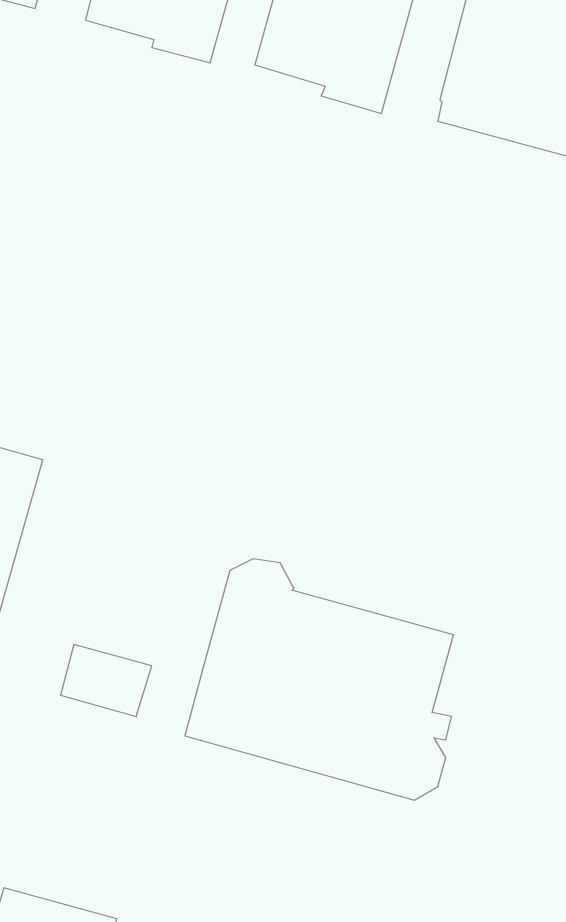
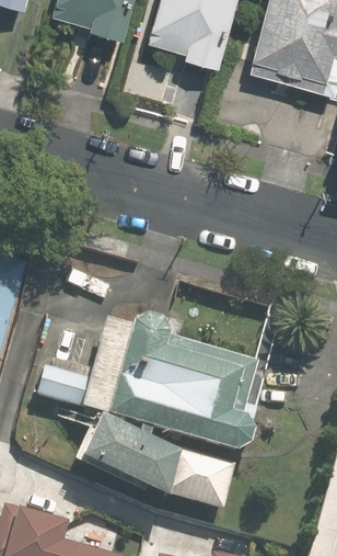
building: none -> [80,418,235,512]

